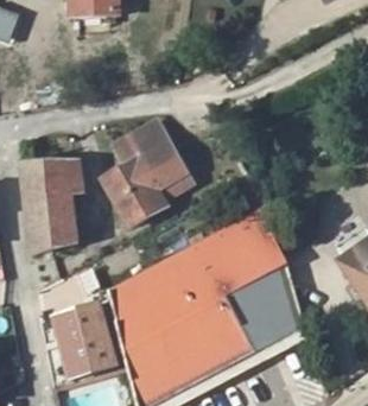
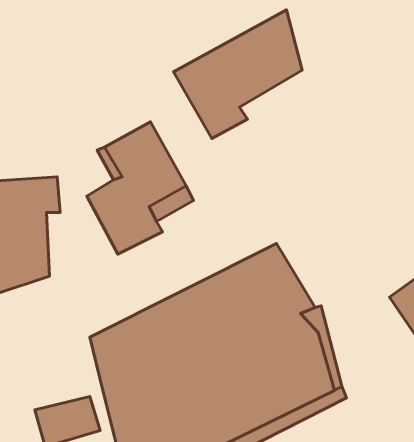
building: none -> [174,10,302,139]
building: [51,299,106,347] -> none

